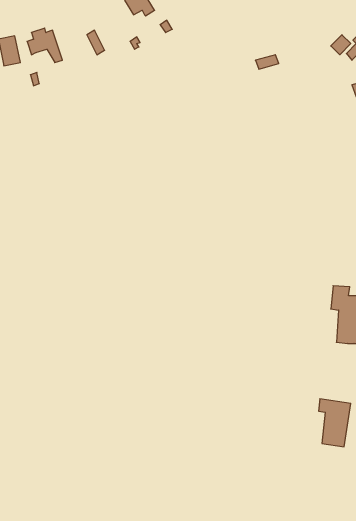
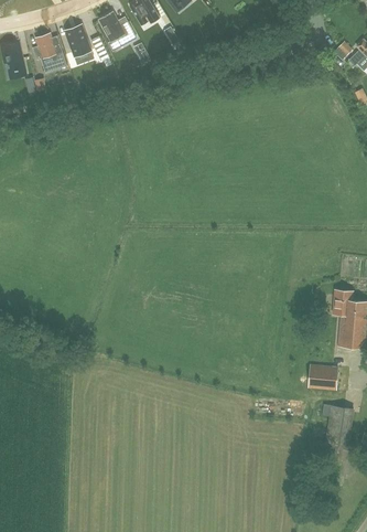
building: none -> [97,10,136,45]
building: none -> [64,24,90,55]
building: none -> [307,364,337,389]

